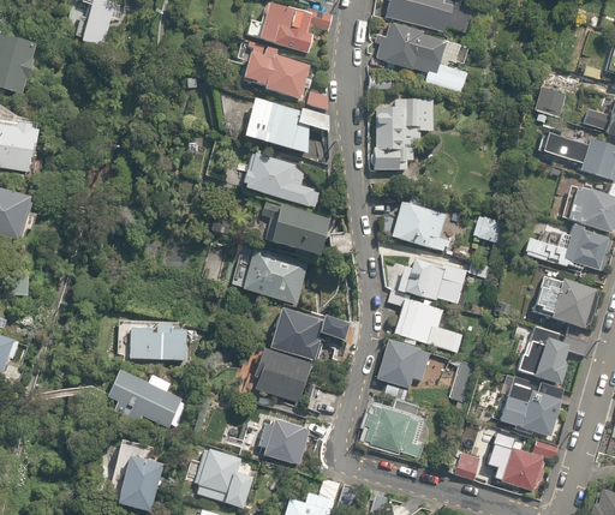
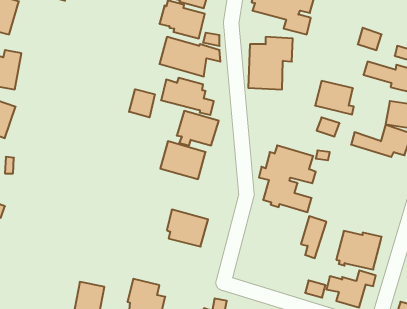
building: none -> [129,89,155,117]
building: [392,200,448,250] -> [315,81,354,115]
building: [532,274,595,328] -> none
building: [267,309,350,360] -> none
building: [131,321,187,360] -> none
building: [515,324,589,384] -> none
building: [375,339,431,388] -> none
building: [109,367,187,430] -> none
building: [363,405,425,459] -> none
building: [262,421,309,465] -> none

